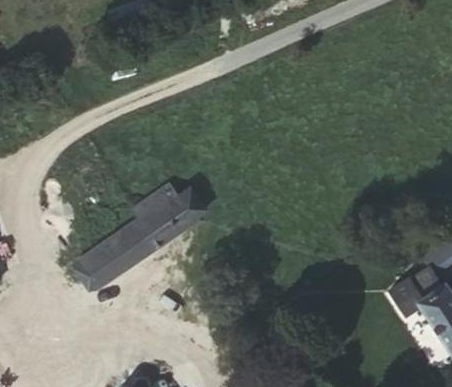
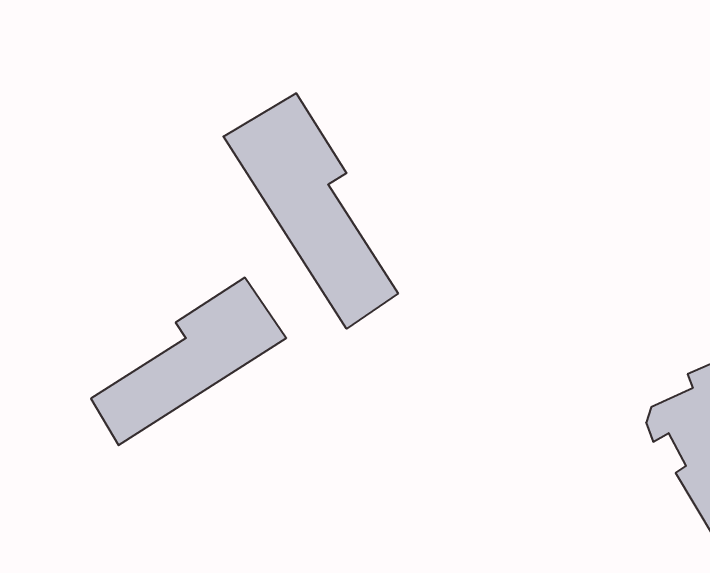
building: none -> [223,93,398,329]

